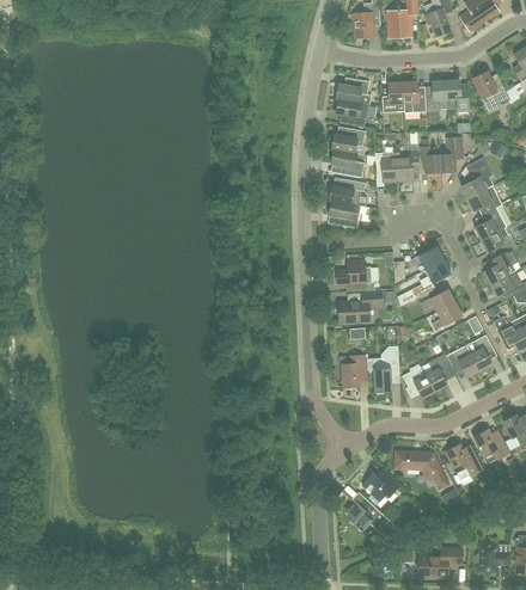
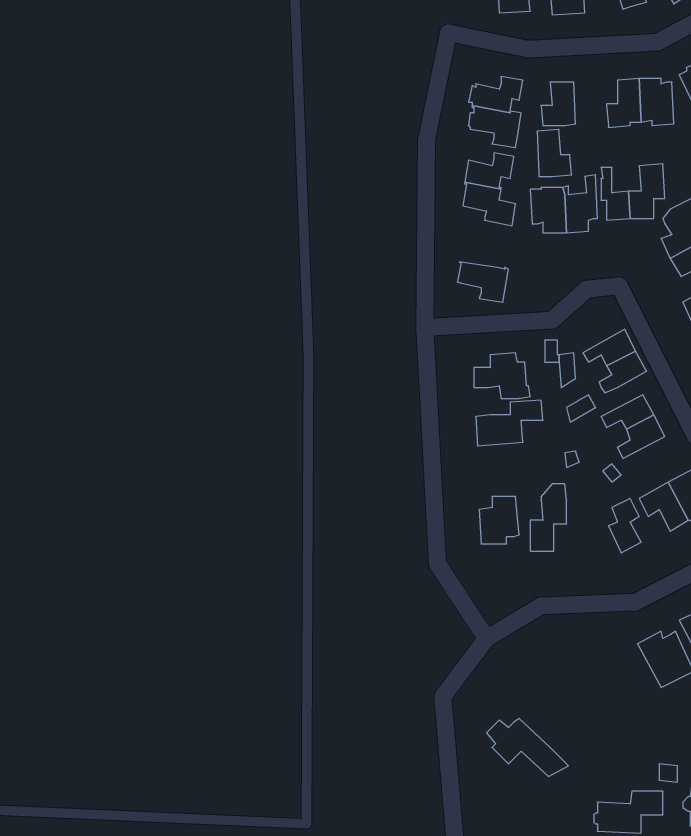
building: [403,81,426,112] -> [537,129,572,177]
building: [326,179,366,205] -> none
building: [402,365,434,398] -> none
building: [395,451,447,488] -> none
building: [361,468,399,504] -> none

